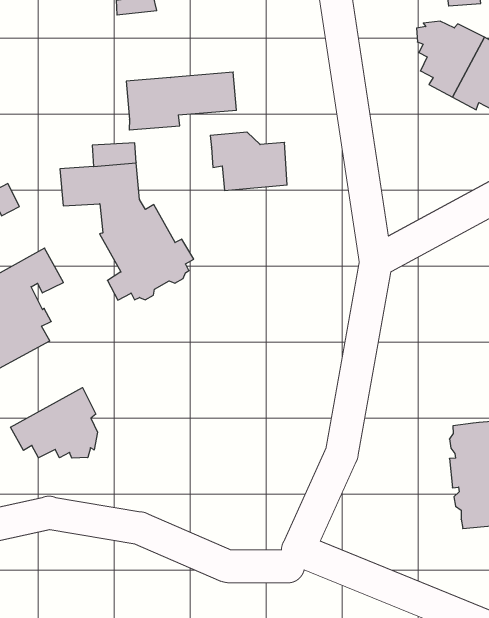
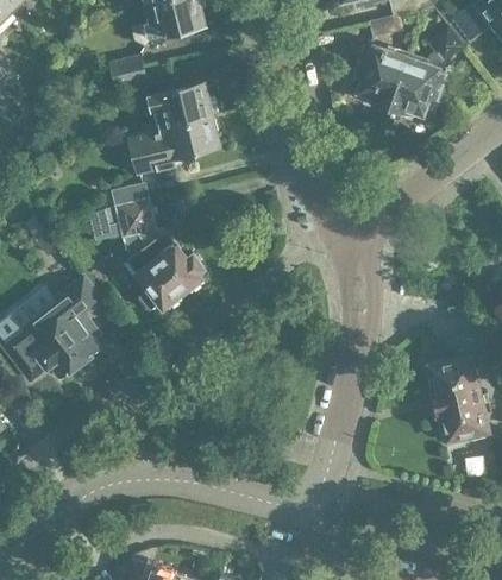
building: [210,132,287,190] -> [145,78,212,127]
building: [11,388,98,458] -> none

